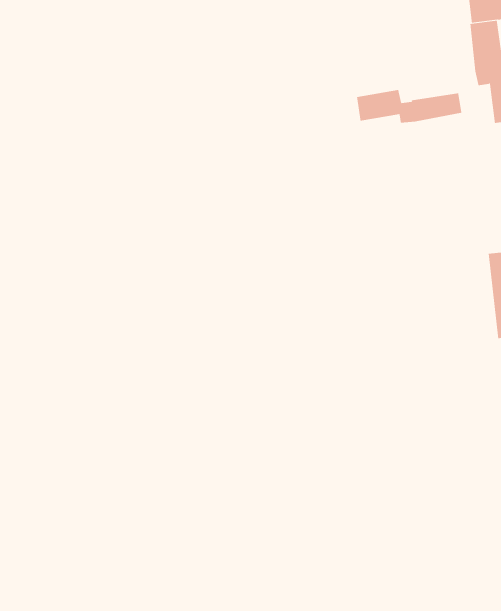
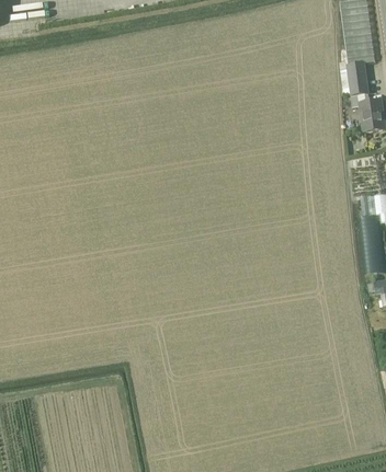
building: [356,89,462,123] -> none

